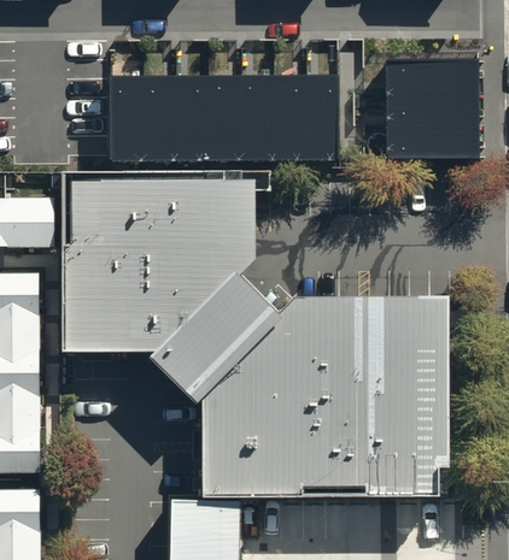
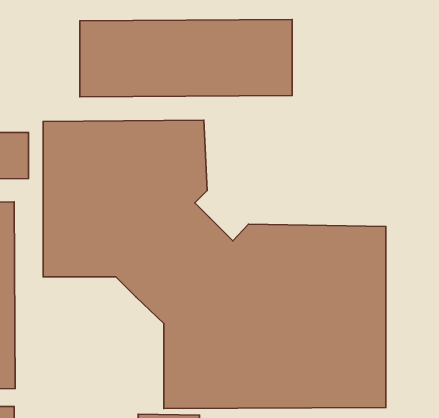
building: [382,60,479,159] -> none

